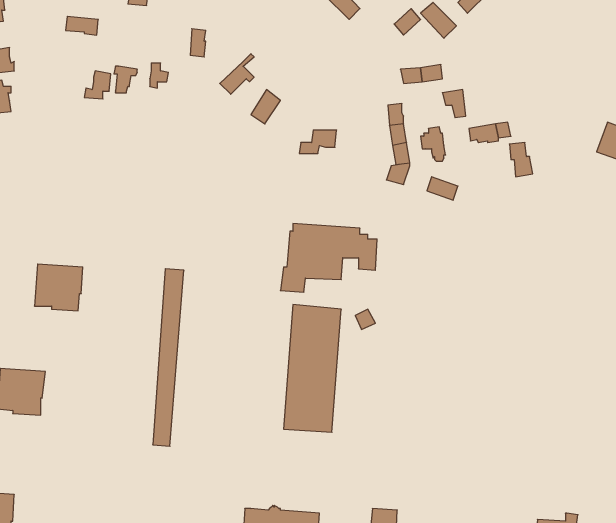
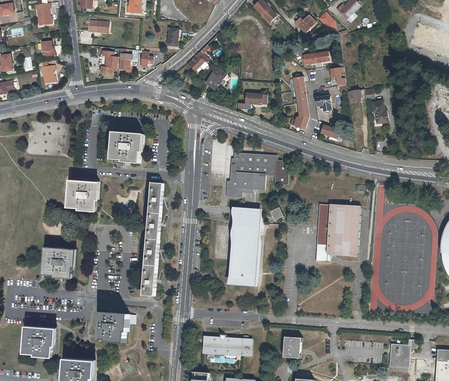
building: none -> [112,132,143,162]
building: none -> [317,204,359,262]
building: none -> [97,311,128,341]

